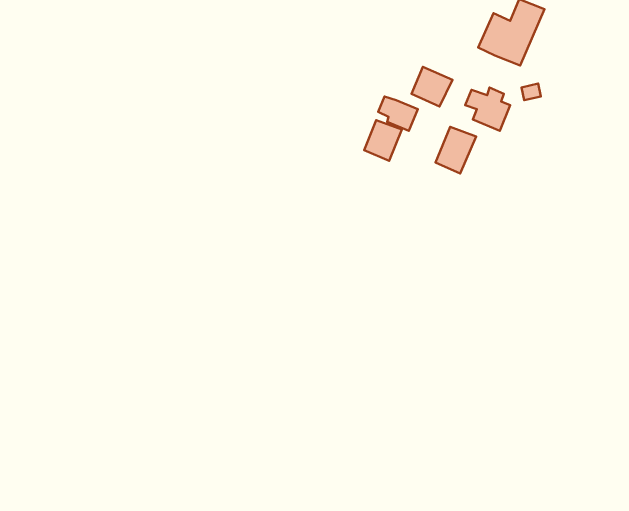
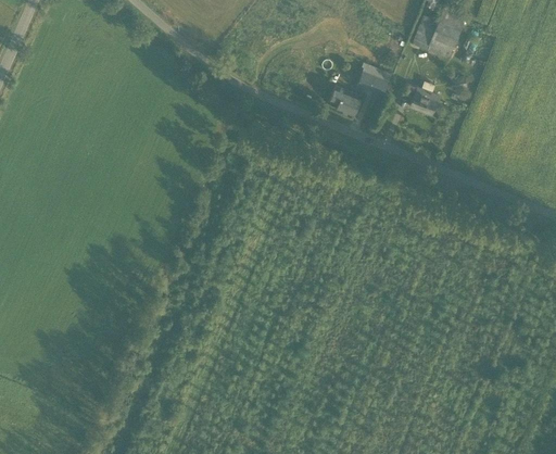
building: [364,120,402,161] -> none
building: [436,127,476,173] -> none

